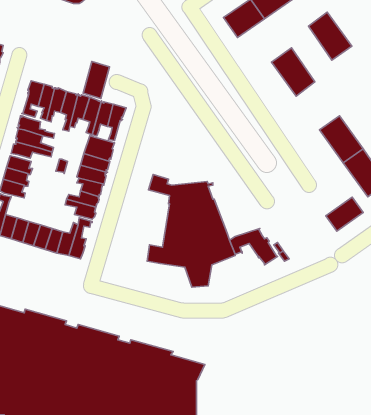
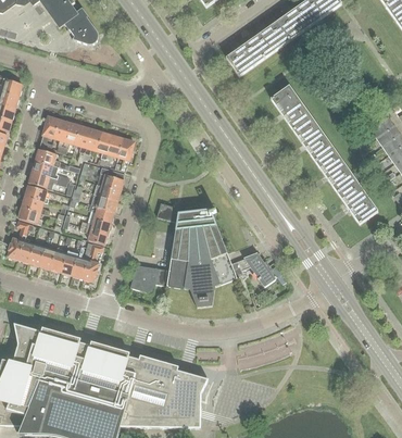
building: [309,12,352,60] -> [293,116,334,161]
building: [83,62,110,98] -> none
building: [326,197,363,231] -> none
building: none -> [130,264,158,293]

